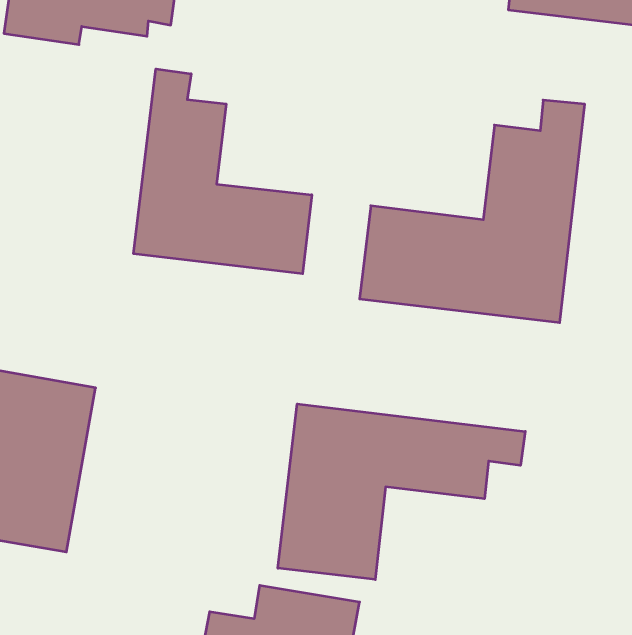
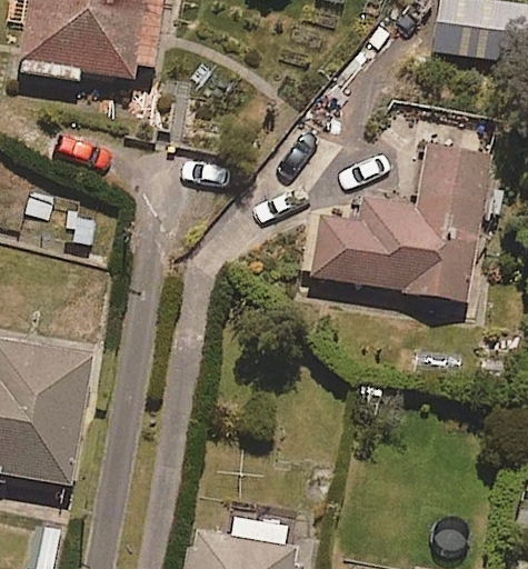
building: [134,69,312,274] -> none
building: [278,404,525,580] -> none

